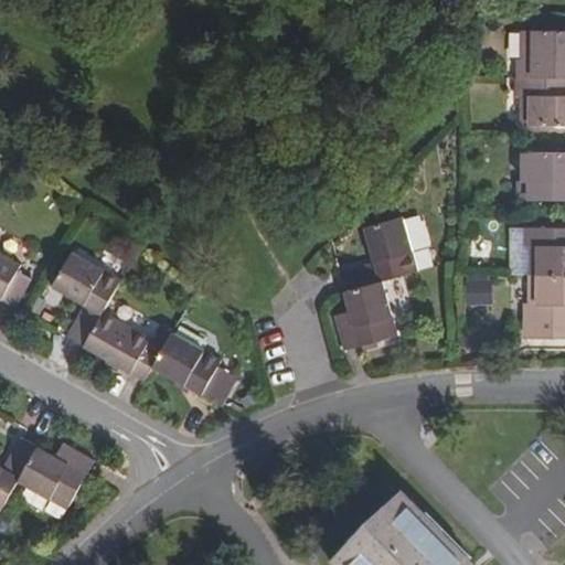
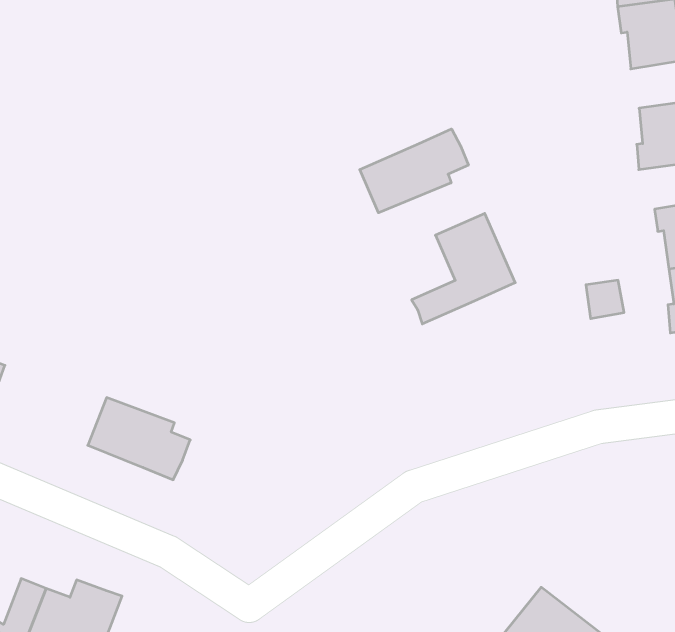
building: none -> [360,129,468,213]
building: [53,253,121,347] -> none
building: [333,280,398,350] -> none
building: [152,332,231,403] -> none

